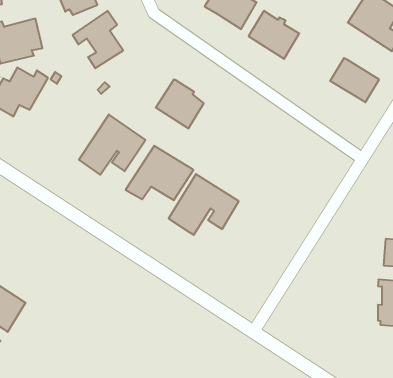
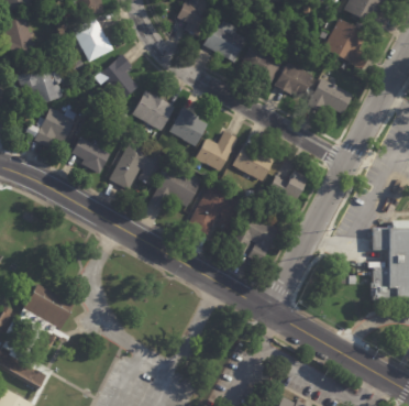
building: none -> [274,62,314,100]
building: none -> [132,91,175,132]
building: none -> [70,138,109,174]
building: none -> [195,132,236,173]
building: none -> [232,144,273,183]
building: none -> [267,171,306,204]
building: none -> [232,212,281,266]

